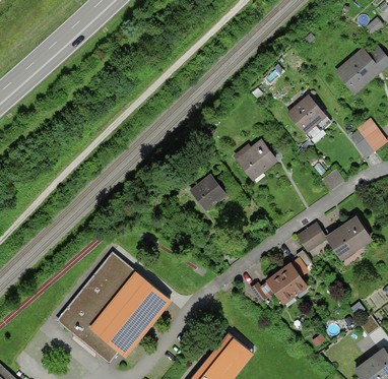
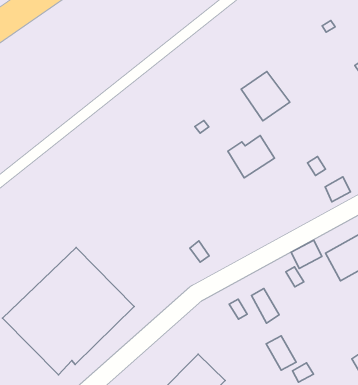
building: [288,97,331,139] -> [241,72,290,121]
building: [191,175,225,209] -> none
building: [278,263,306,293] -> [266,336,296,370]

